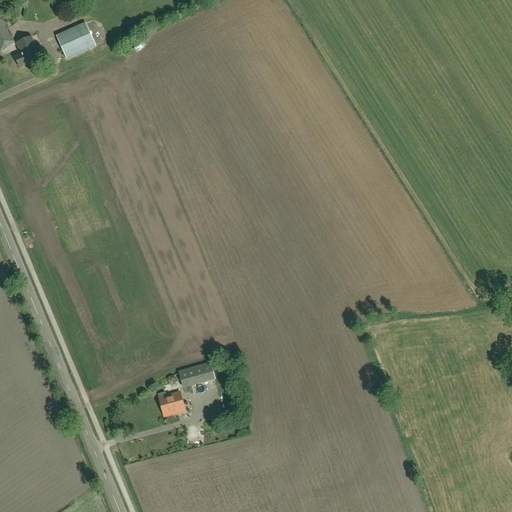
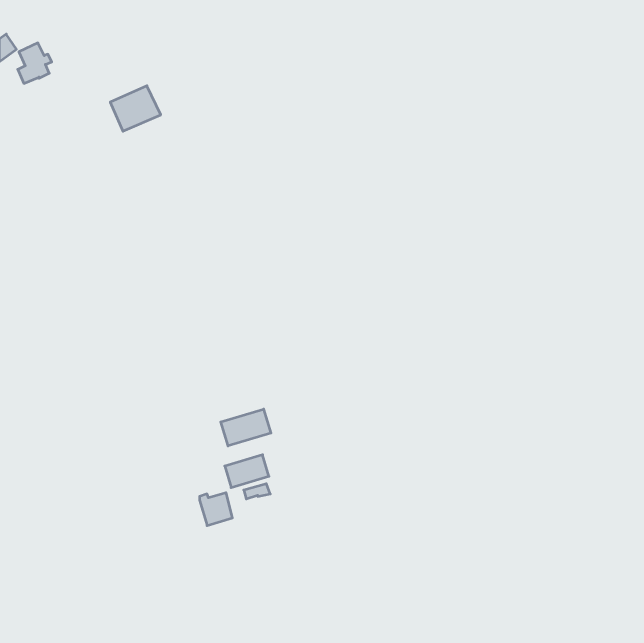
building: [55,22,95,58] -> [110,86,161,131]
building: none -> [221,409,271,446]

